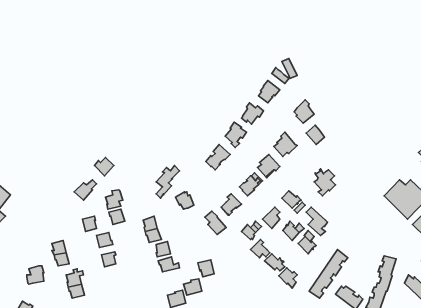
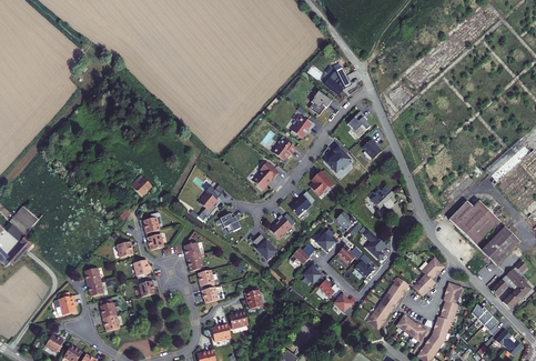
building: none -> [413,258,444,297]

